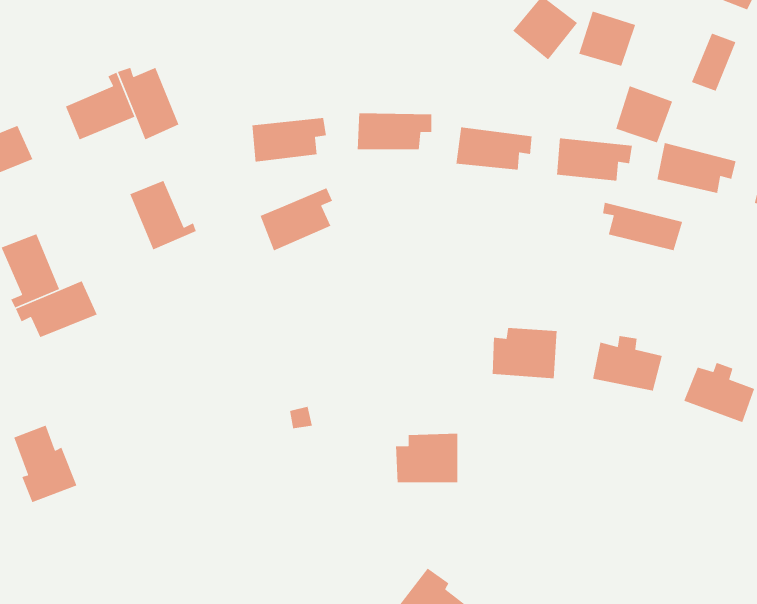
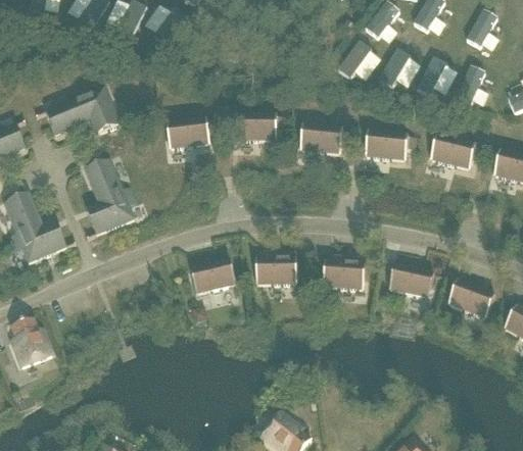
building: [615,85,673,143] -> [417,58,455,96]
building: [259,187,333,251] -> [88,194,136,236]
building: [602,202,683,251] -> none
building: none -> [191,258,236,294]
building: [395,433,458,483] -> [256,252,297,285]

